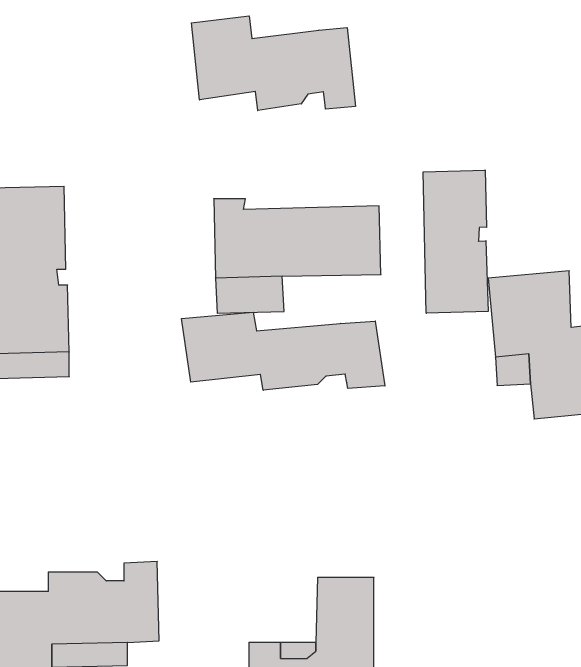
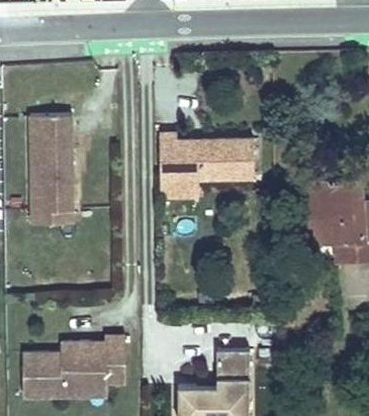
building: [191,16,355,111] -> none
building: [423,170,488,313] -> none
building: [181,312,385,390] -> none

